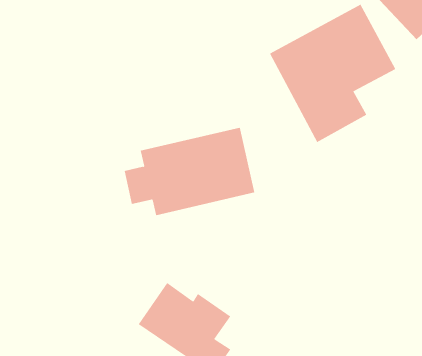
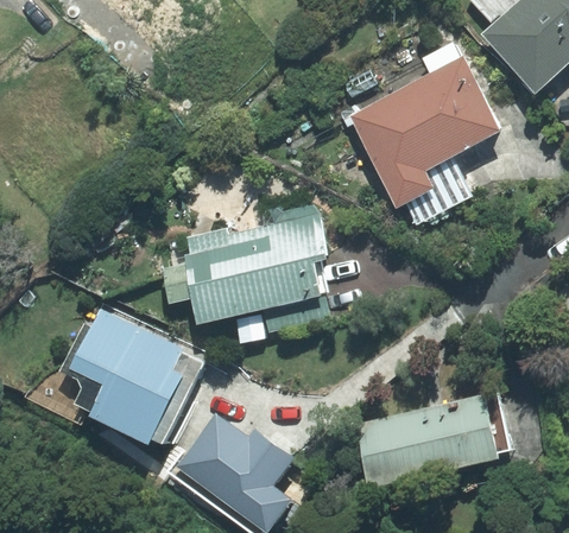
building: none -> [62,300,211,453]
building: none -> [375,394,517,494]

